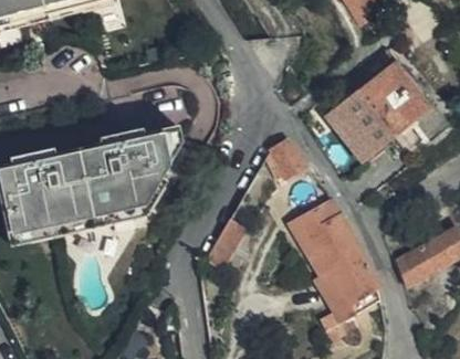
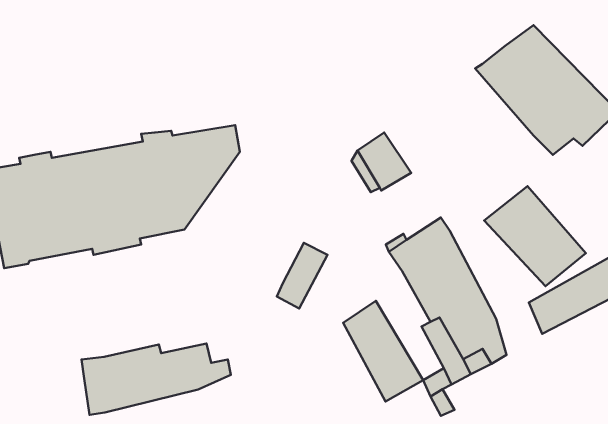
building: [322,88,397,162] -> [484,186,586,286]
building: none -> [343,301,423,402]
building: none -> [82,344,231,415]

